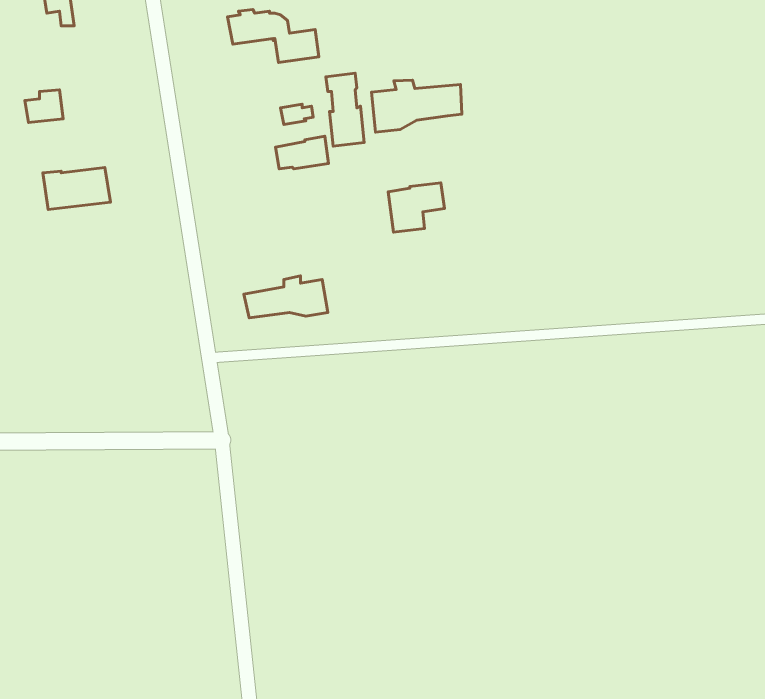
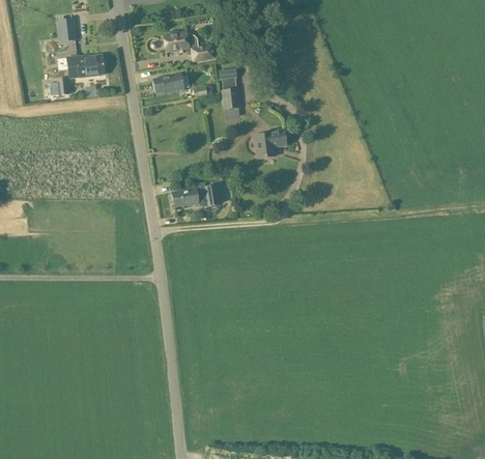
building: [371,80,462,132] -> none
building: [276,136,329,169] -> [153,74,183,92]
building: [43,167,110,209] -> [66,54,105,78]

